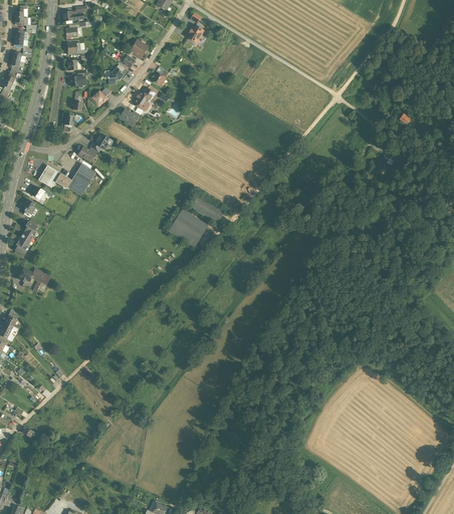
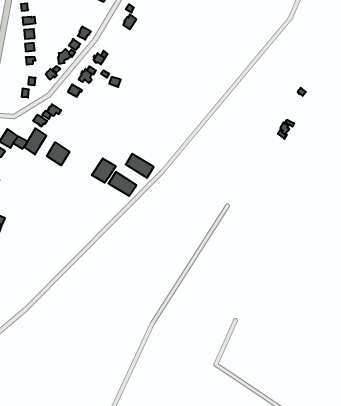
building: none -> [47,142,69,165]
building: none -> [92,158,116,183]

